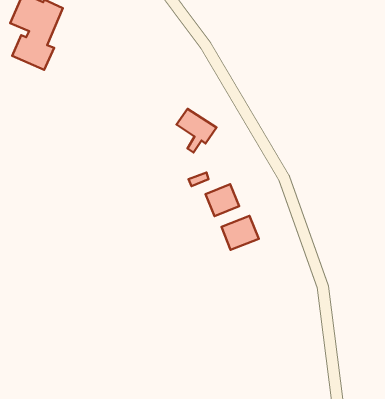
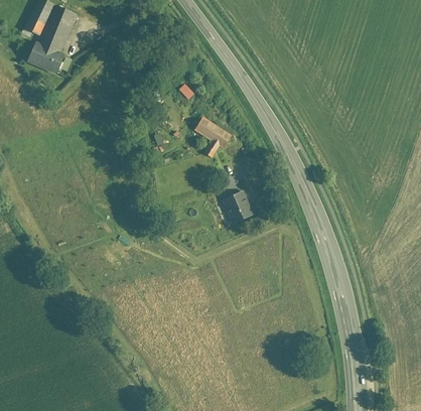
building: [221,216,259,250] -> none

